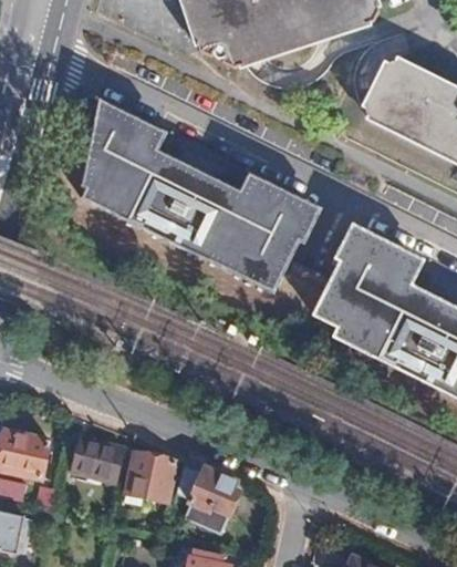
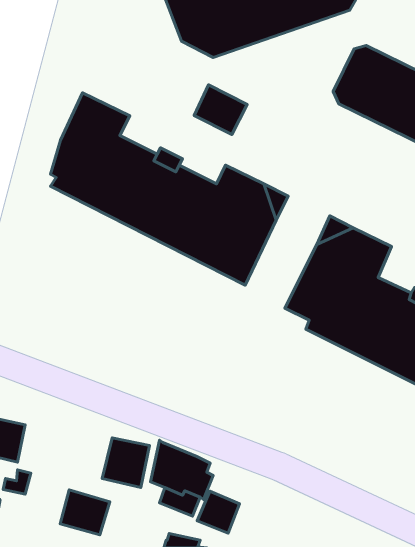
building: none -> [194,85,247,134]
building: [75,433,125,478] -> [60,490,110,535]
building: none -> [197,491,240,533]

